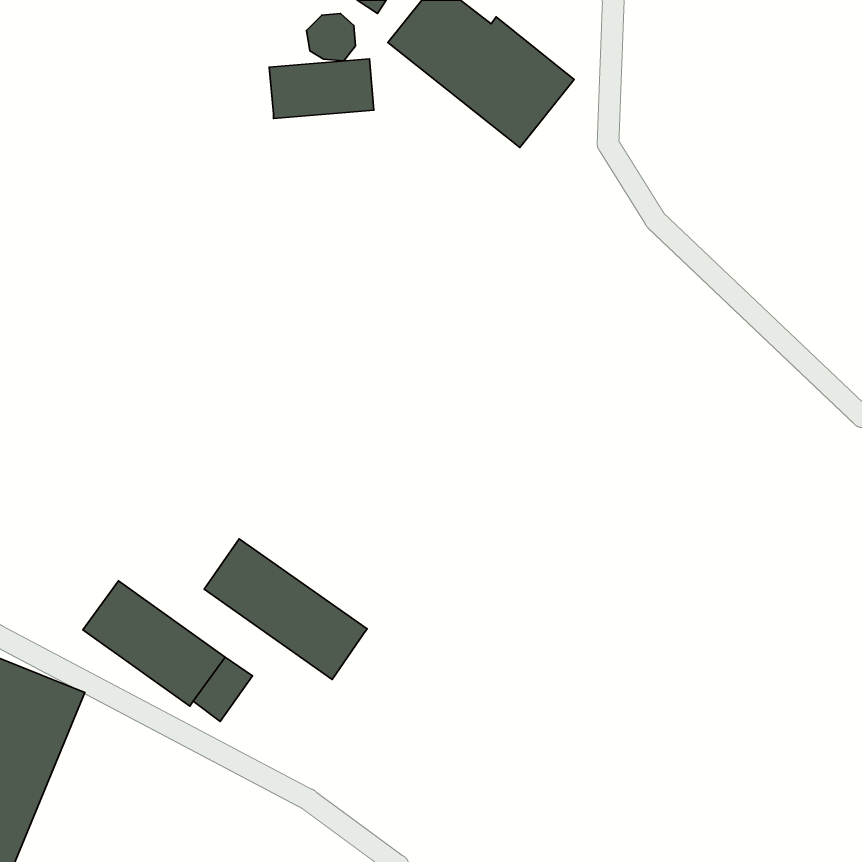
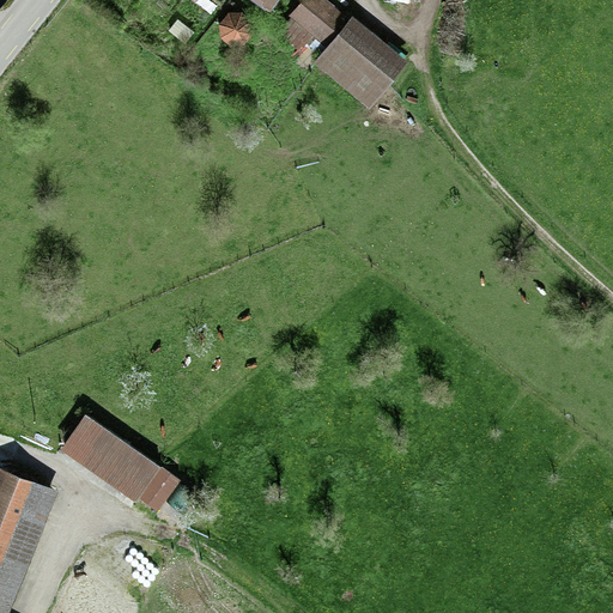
building: [269,59,374,119] -> none
building: [204,539,367,679] -> none

